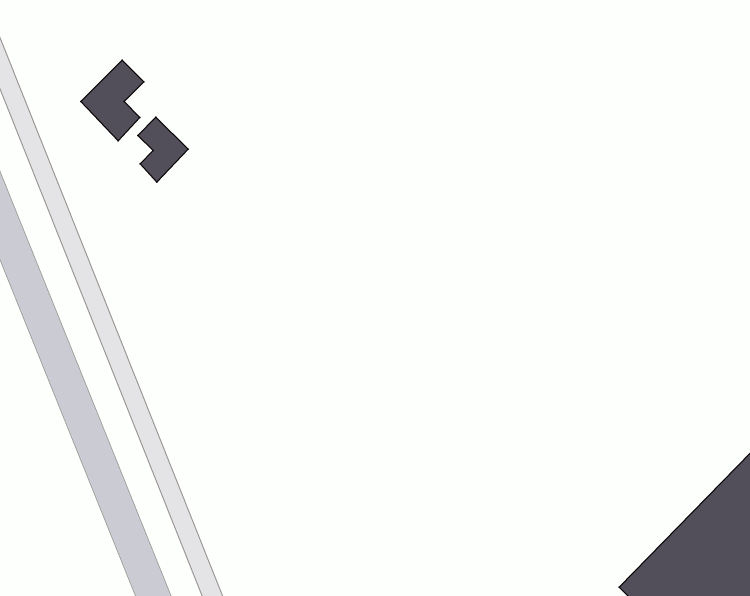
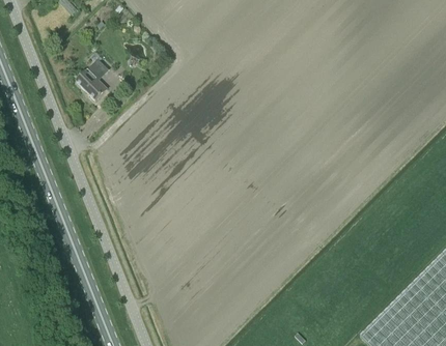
building: [138,117,188,182] -> none

